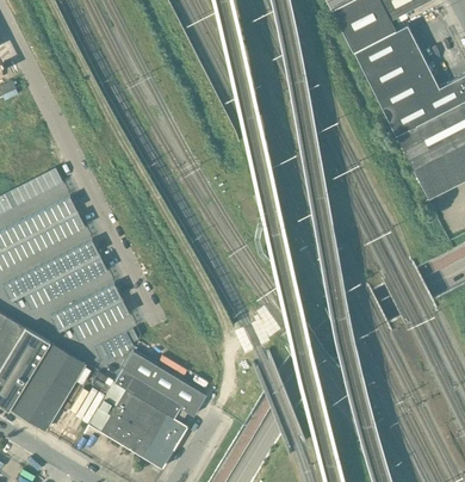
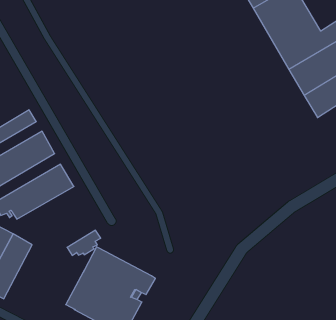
building: [50,284,129,340] -> none
building: [12,345,85,431] -> none

